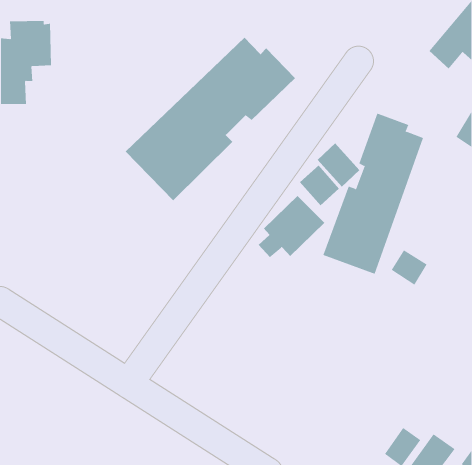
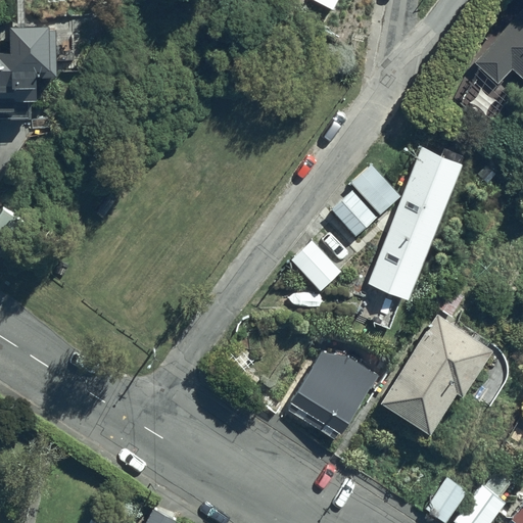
building: [125,37,296,201] -> none
building: none -> [379,314,495,435]
building: none -> [288,343,377,440]

